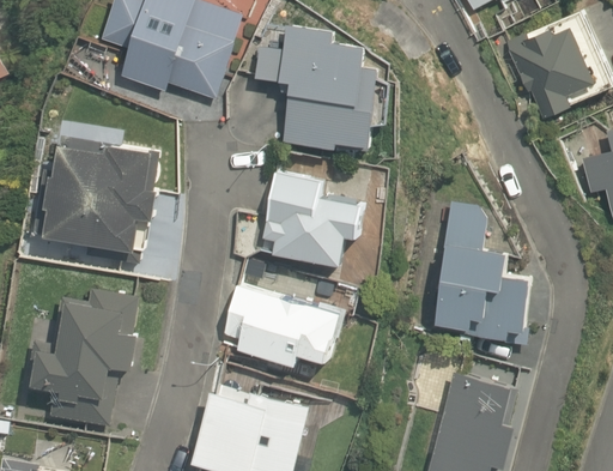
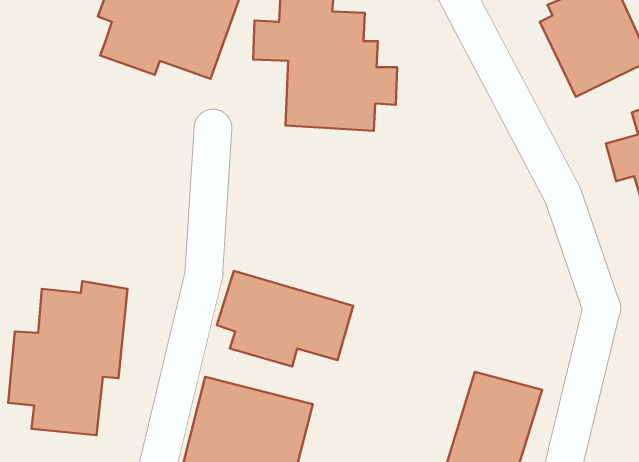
building: [41,137,147,247] -> none
building: [262,169,365,265] -> none
building: [437,201,530,339] -> none

